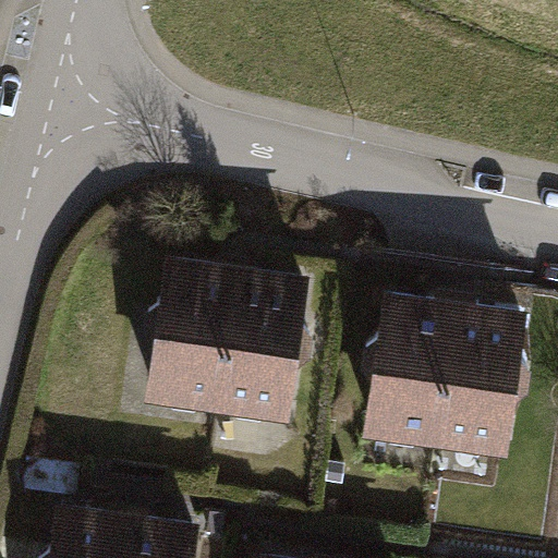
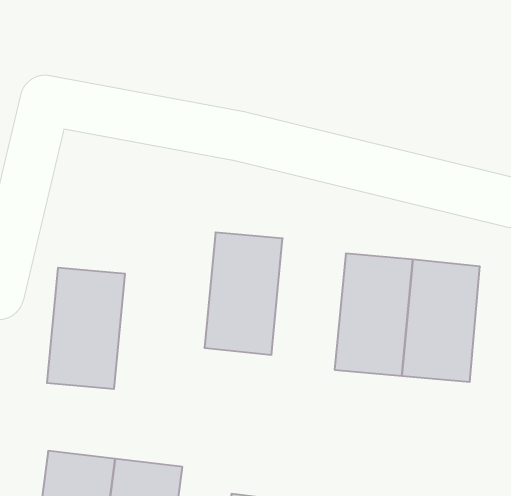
building: [149,264,234,396] -> [47,268,125,389]

